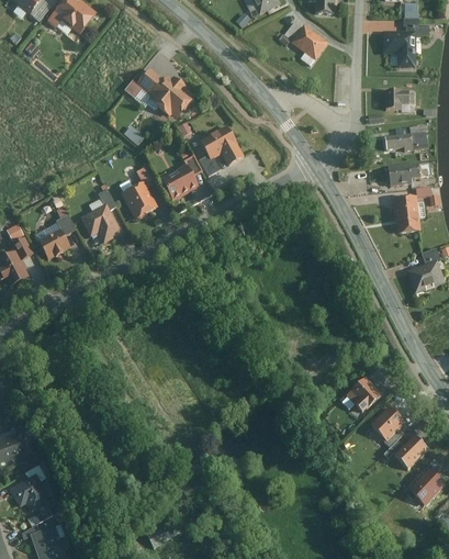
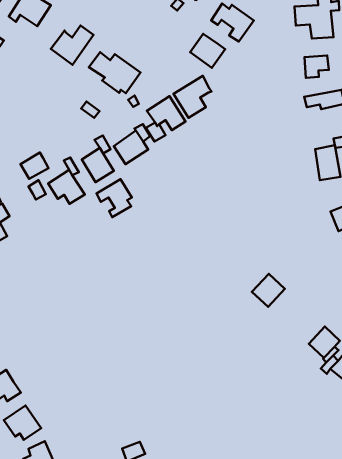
building: none -> [51,26,94,65]
building: none -> [190,34,225,68]
building: none -> [174,76,211,118]
building: [388,161,419,185] -> none
building: none -> [97,179,132,217]
building: [38,227,70,257] -> [21,153,48,179]
building: [345,374,383,413] -> [252,274,285,307]

